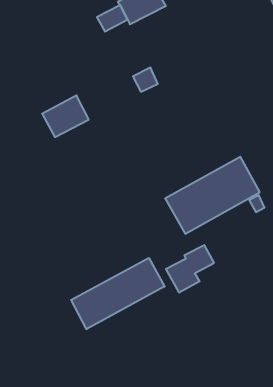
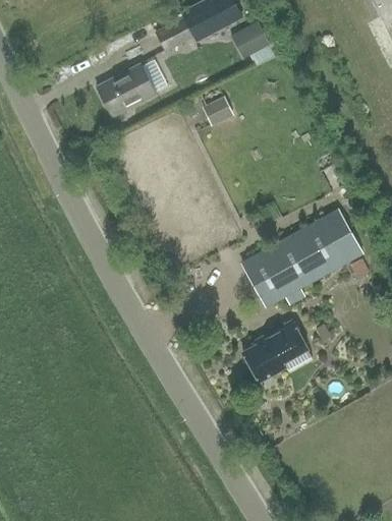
building: none -> [231,20,272,58]
building: [42,95,89,137] -> [98,63,157,116]
building: [71,258,165,329] -> none

